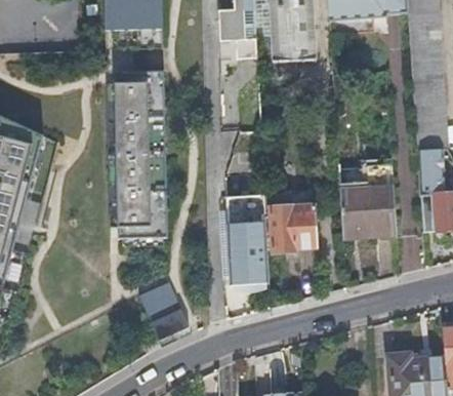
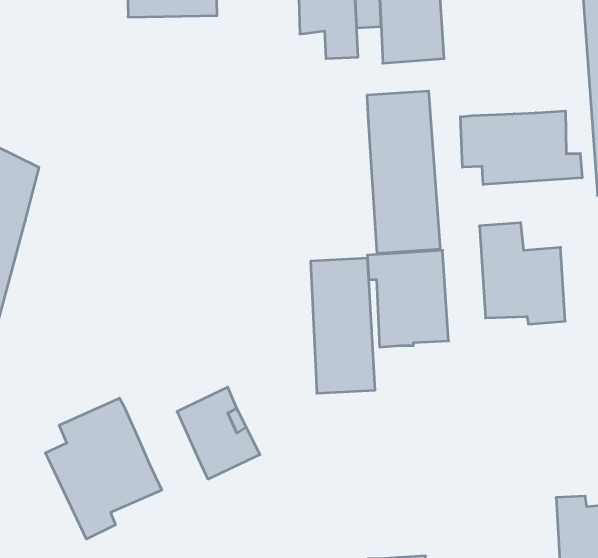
building: [115,68,168,235] -> none
building: none -> [367,91,440,253]
building: none -> [460,111,582,185]
building: none -> [45,398,162,539]

